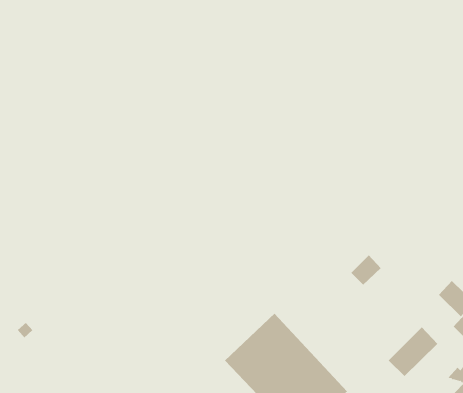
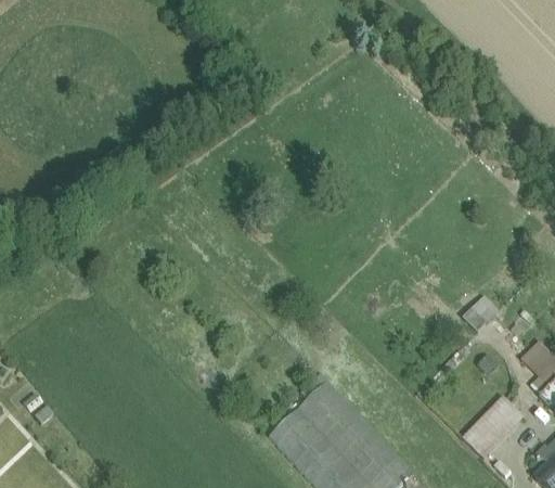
building: [350,254,381,285] -> [464,293,501,330]

